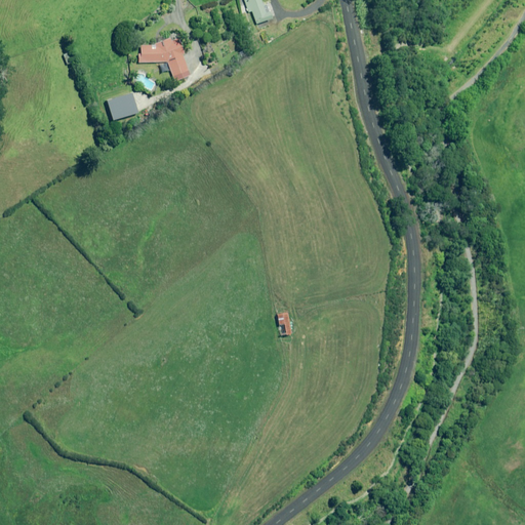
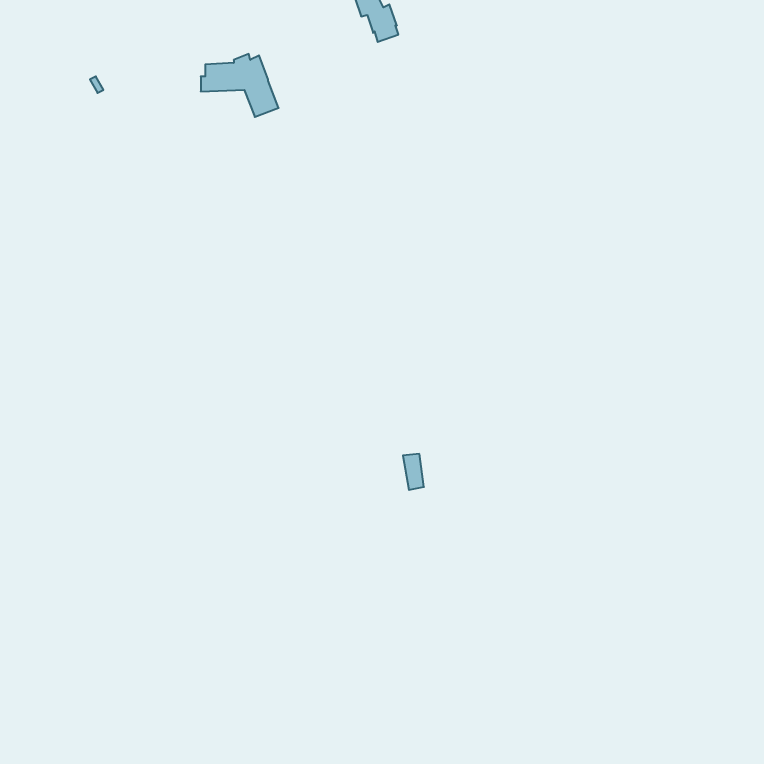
building: [107,92,138,119] -> none

